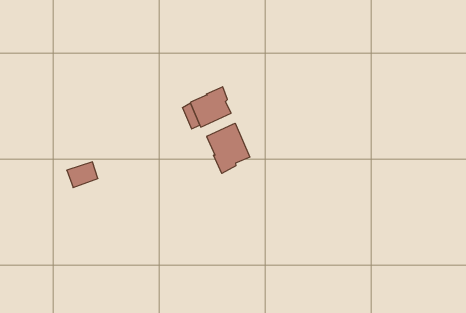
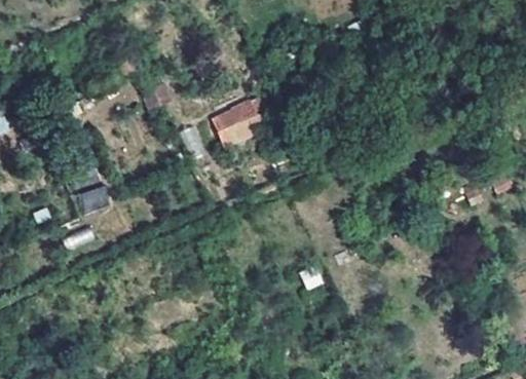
building: [207,123,250,173] -> none

